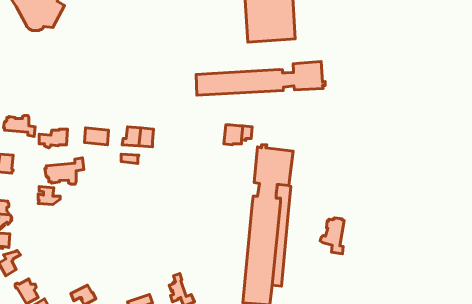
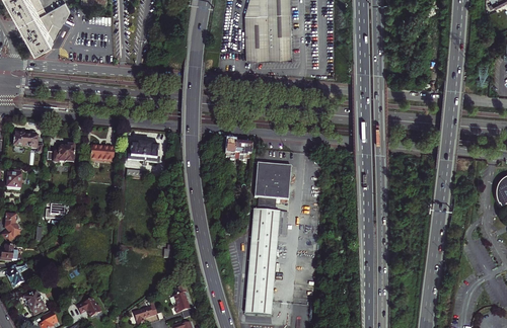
building: [196,62,325,95] -> none
building: [45,158,84,184] -> none
building: [320,218,344,254] -> none

